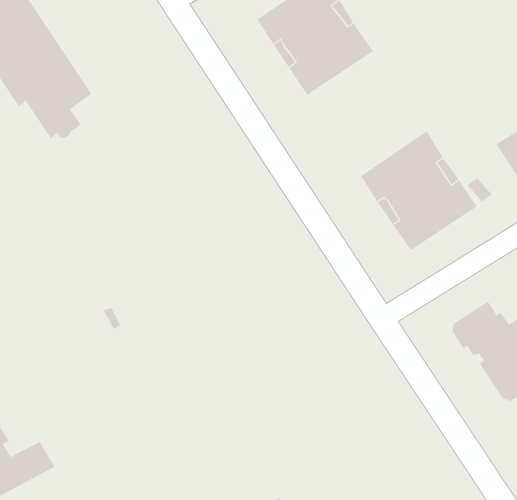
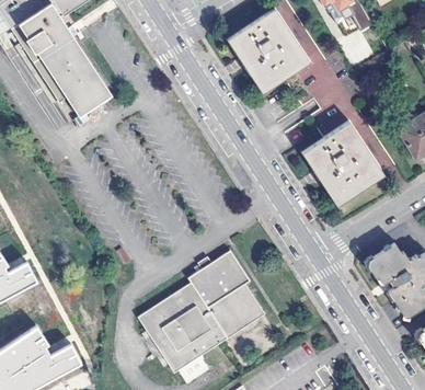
building: none -> [138,249,266,381]

